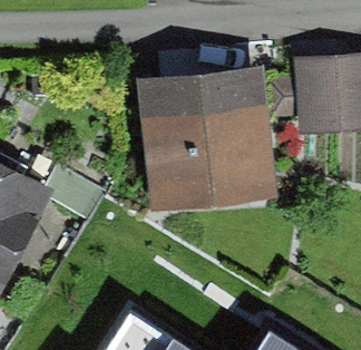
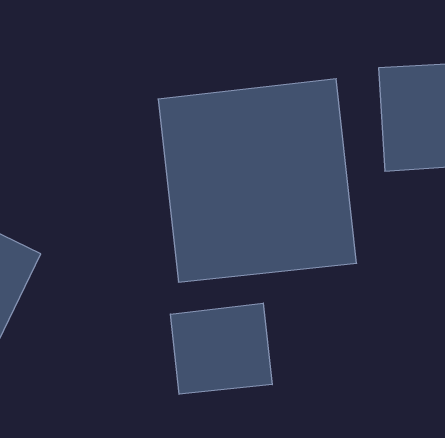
building: none -> [170,303,272,394]

